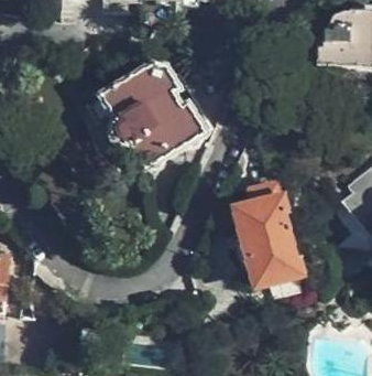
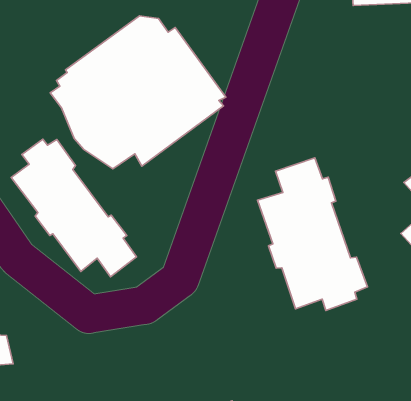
building: none -> [11,139,137,277]

